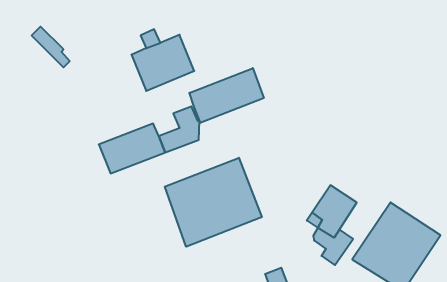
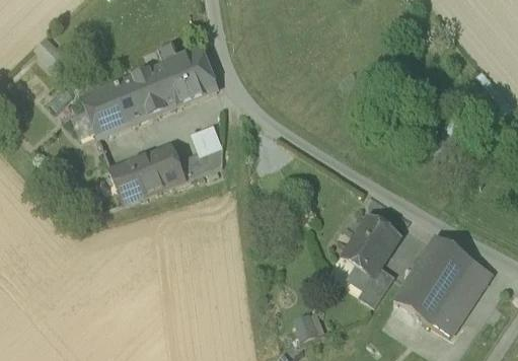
building: none -> [81,70,163,138]
building: [189,68,264,123] -> none
building: [165,158,262,247] -> none

